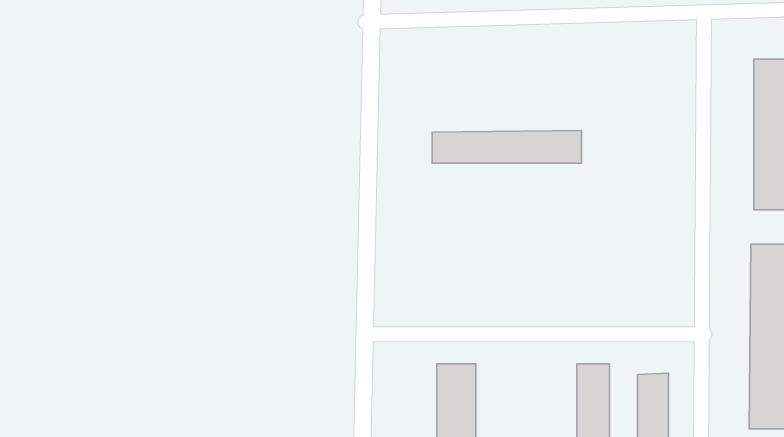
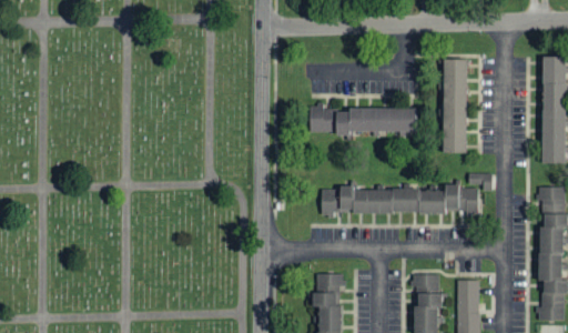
building: none -> [443,60,467,153]
building: none -> [323,186,480,214]

